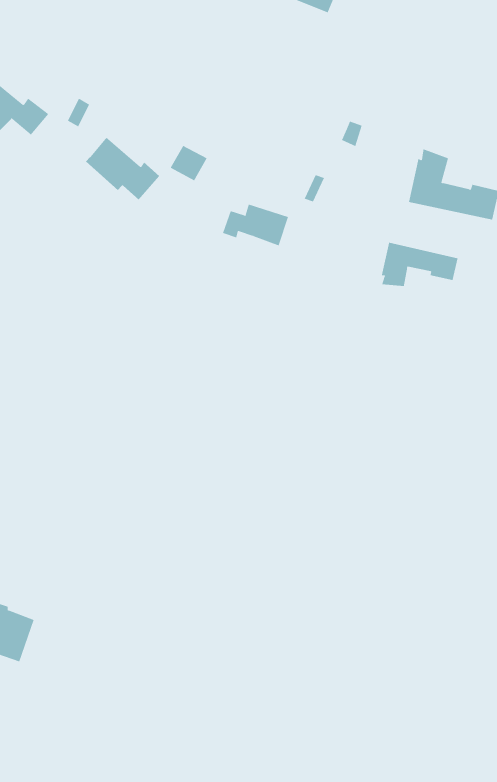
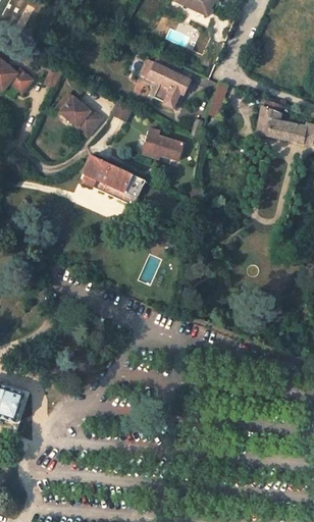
building: none -> [141,52,190,108]
building: none -> [82,156,141,197]
building: [381,242,458,287] -> none

